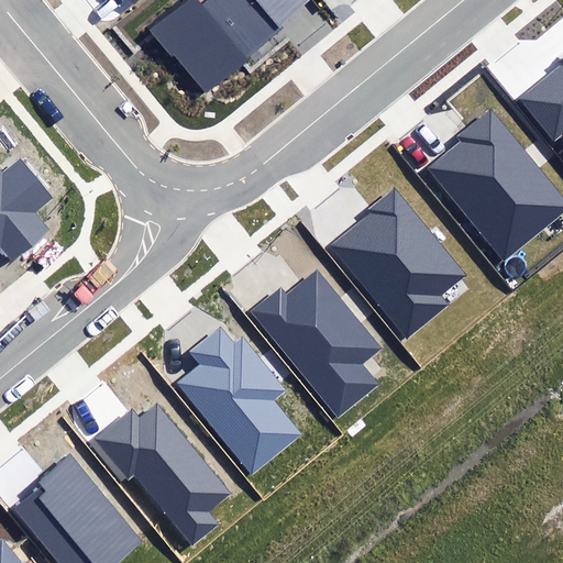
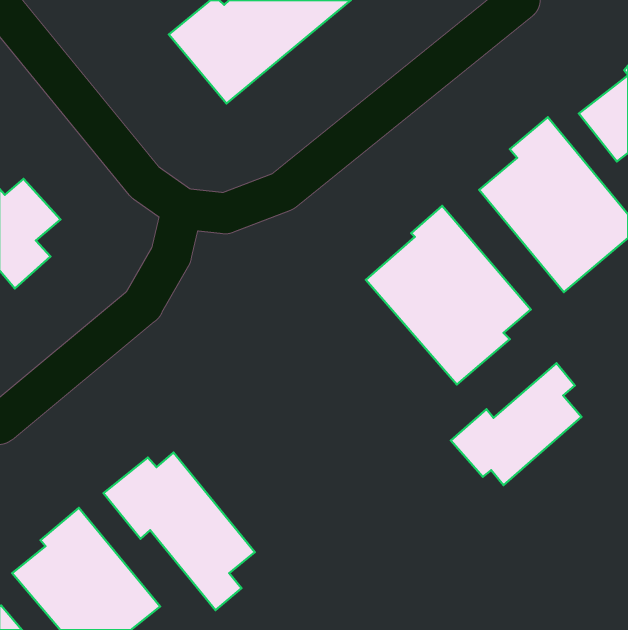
building: [251,269,380,416] -> none
building: none -> [451,363,582,485]
building: [176,325,298,474] -> none

